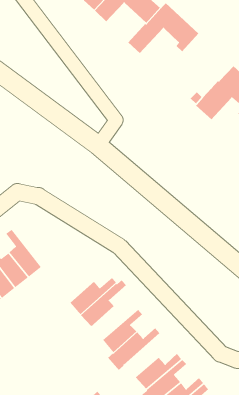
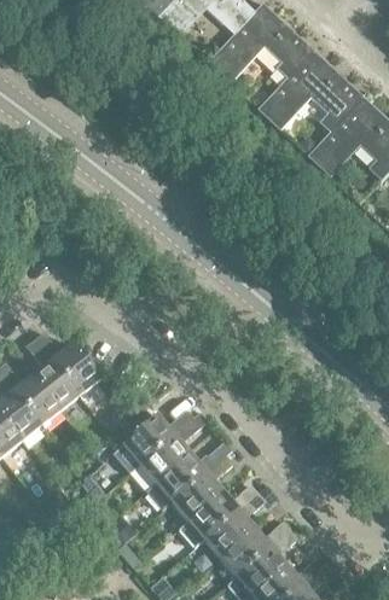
building: none -> [257,51,364,133]
building: none -> [35,333,99,396]
building: none -> [143,442,232,511]
building: none -> [202,494,262,559]

